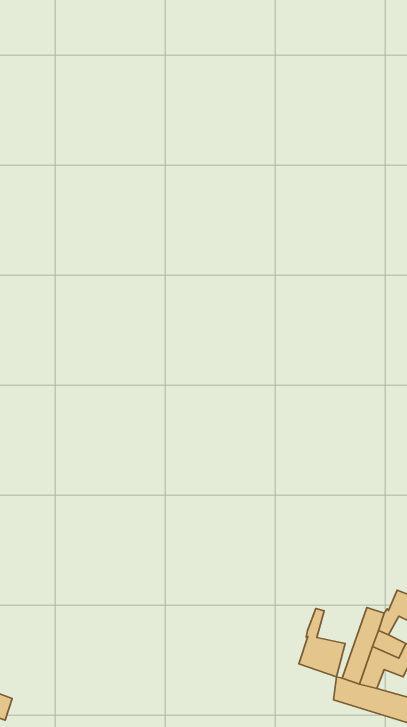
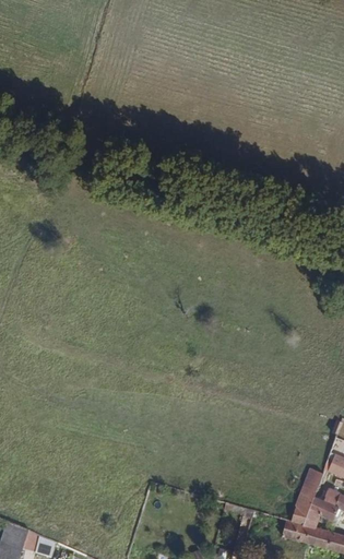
building: [299,608,345,677] -> none

